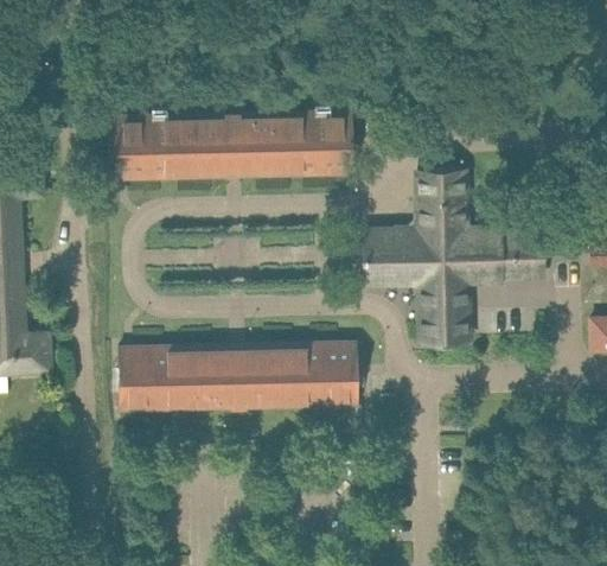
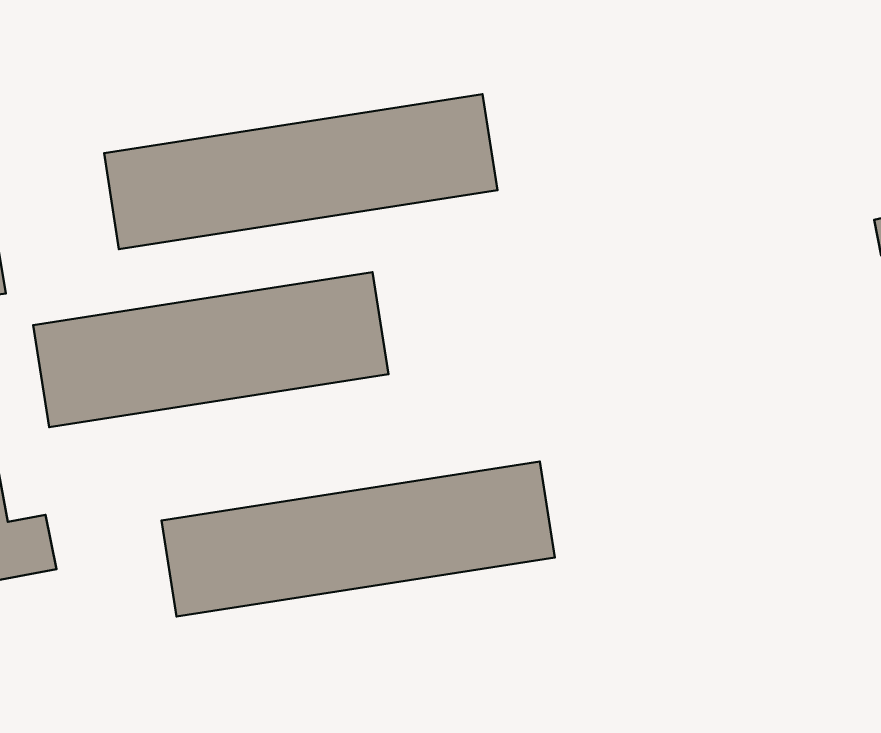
building: [364,171,543,343] -> none
building: none -> [33,272,388,427]

